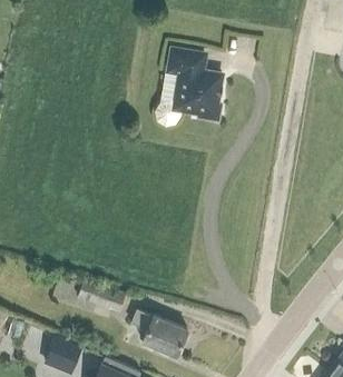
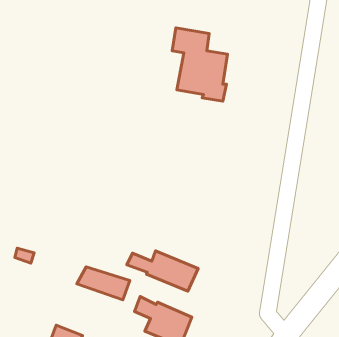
building: none -> [127,251,198,291]

